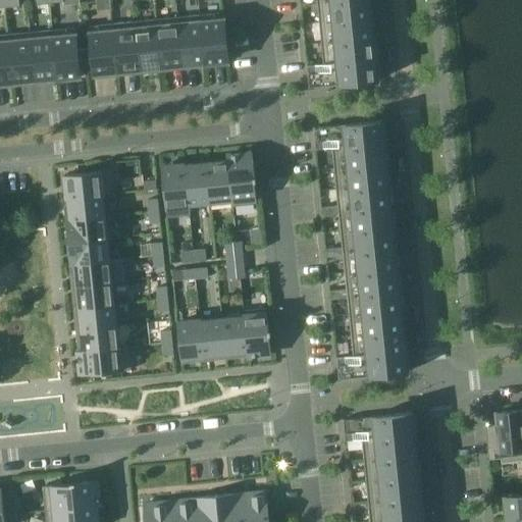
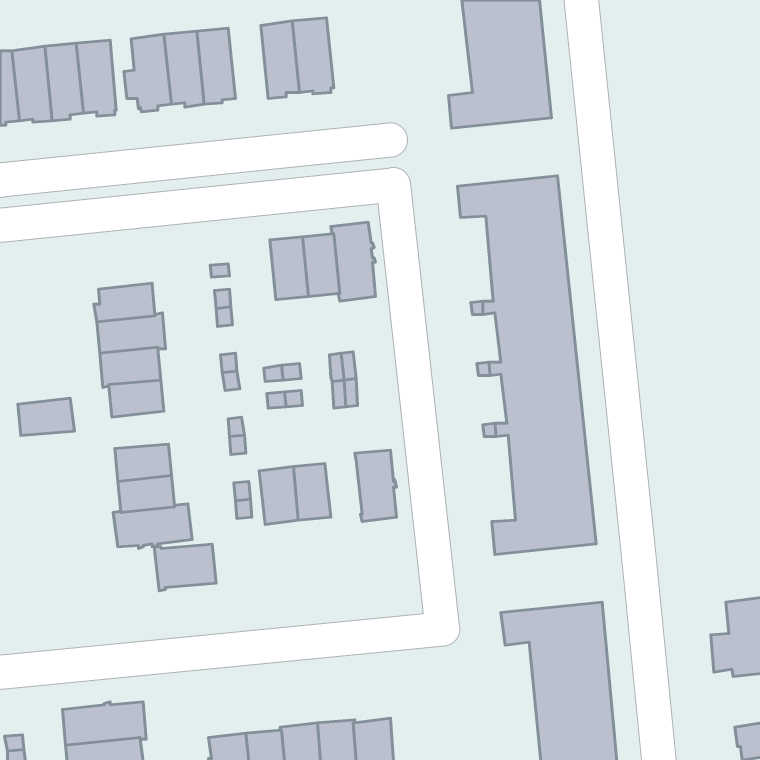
building: [157,18,185,69] -> none
building: [163,165,192,218] -> none
building: [66,171,114,199] -> none
building: [77,282,116,308] -> [18,398,75,435]
building: [223,316,249,355] -> none
building: none -> [154,544,216,591]

